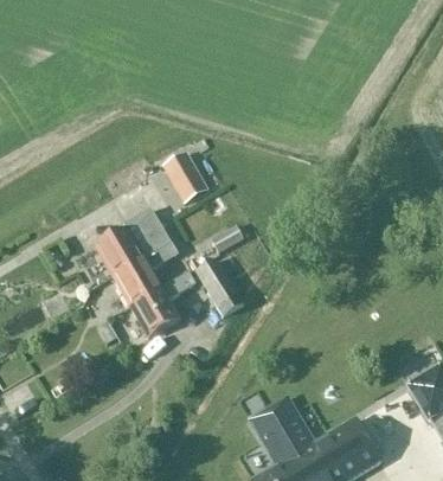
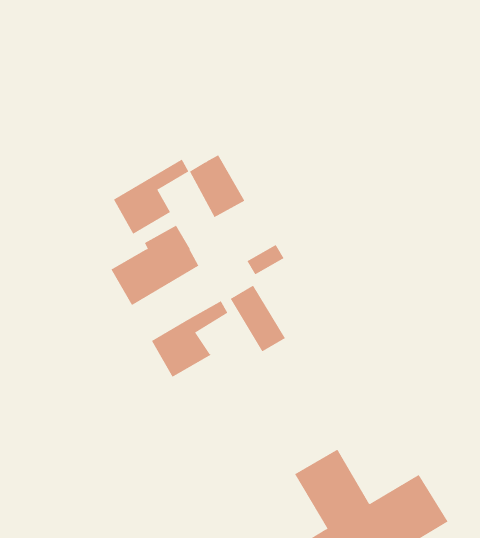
building: [114,243,178,307] -> [113,159,189,234]

